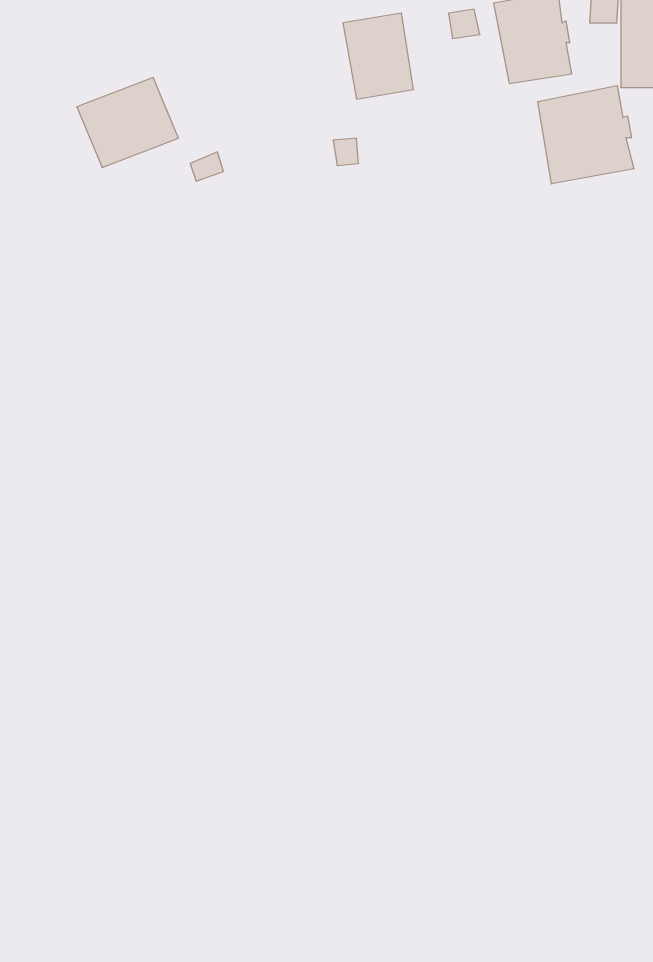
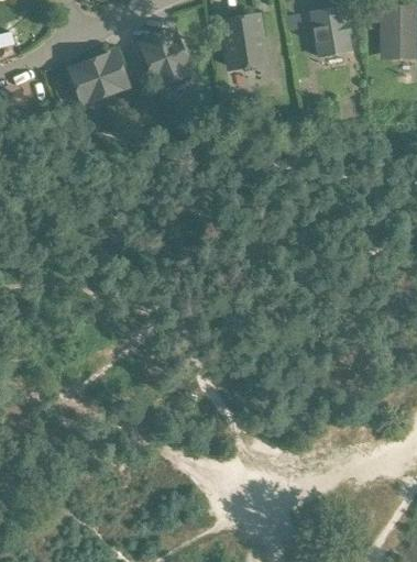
building: none -> [145,30,193,86]
building: [538,86,634,184] -> none

